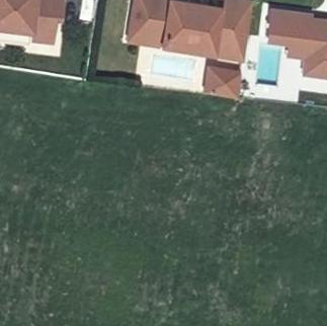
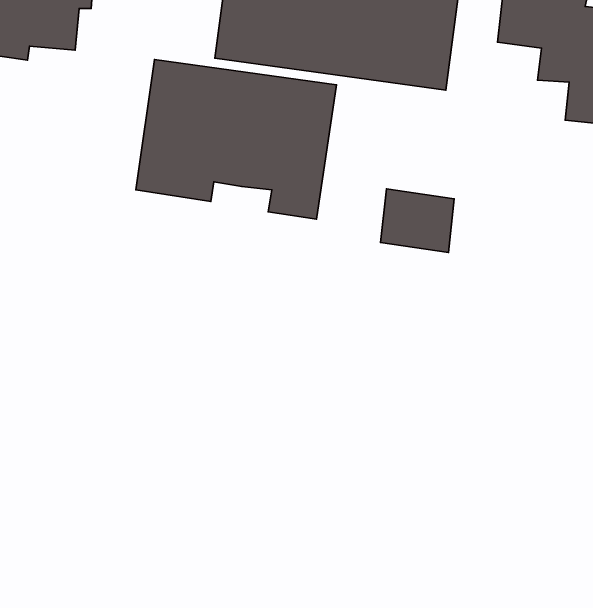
building: none -> [136,60,336,219]
building: [205,66,242,98] -> [381,189,454,253]

